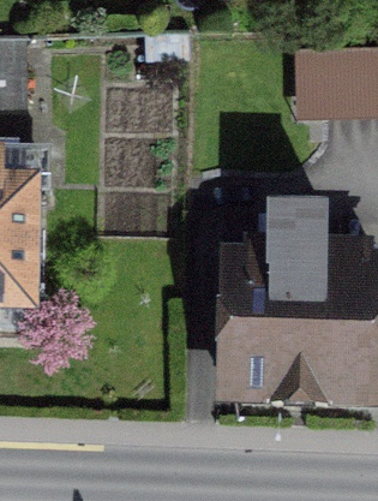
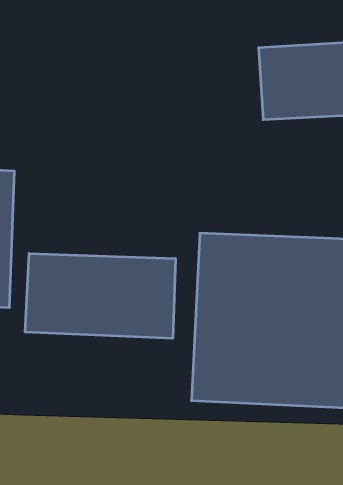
building: none -> [25,253,175,338]

